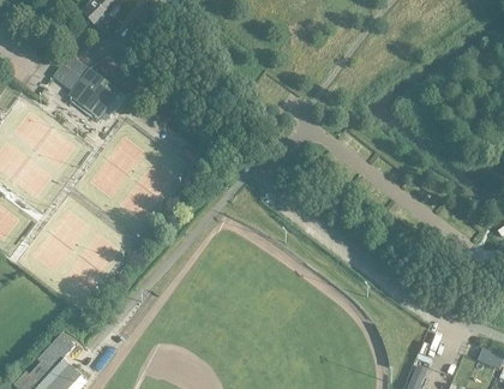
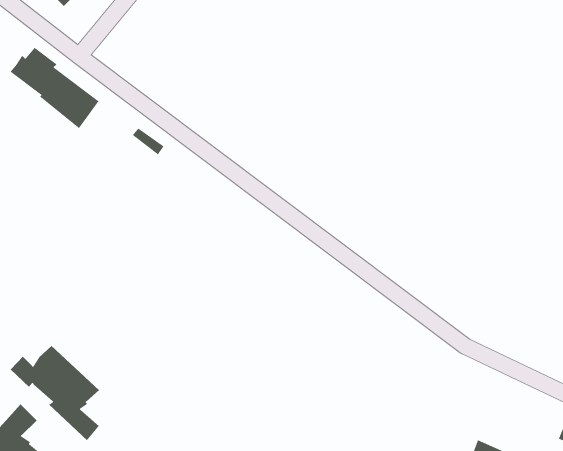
building: none -> [10,345,100,441]

